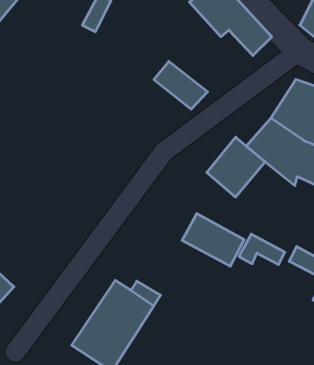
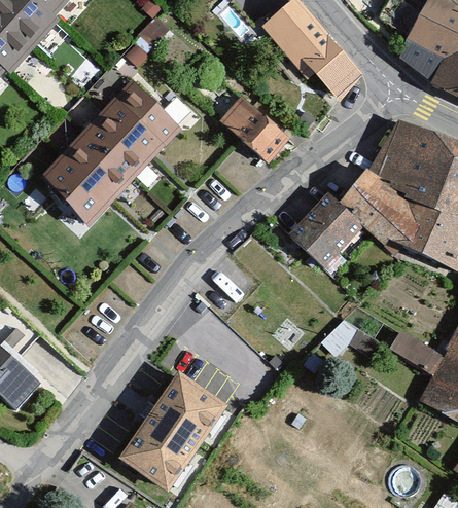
building: none -> [40,86,177,227]
building: [182,214,244,266] -> none

